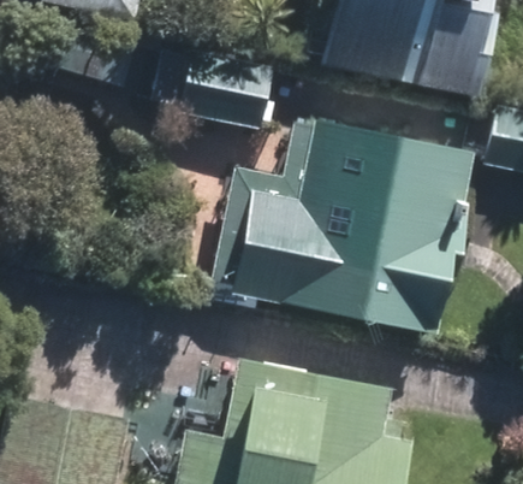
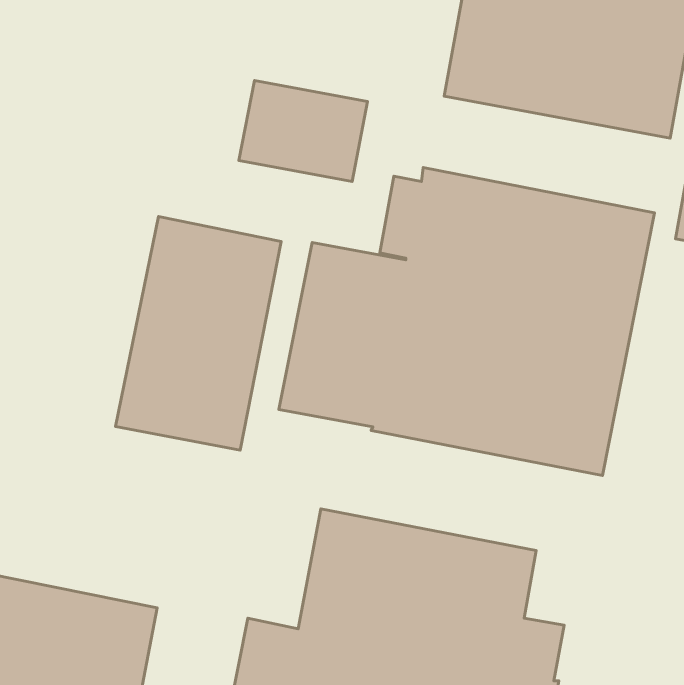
building: none -> [115,216,281,450]

